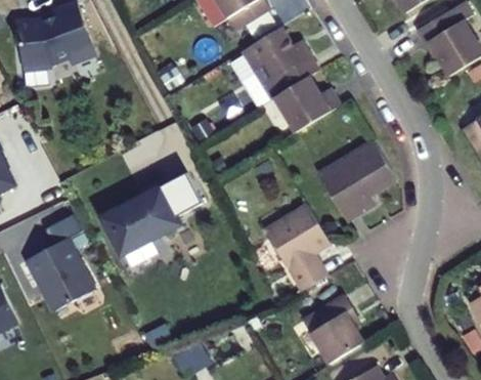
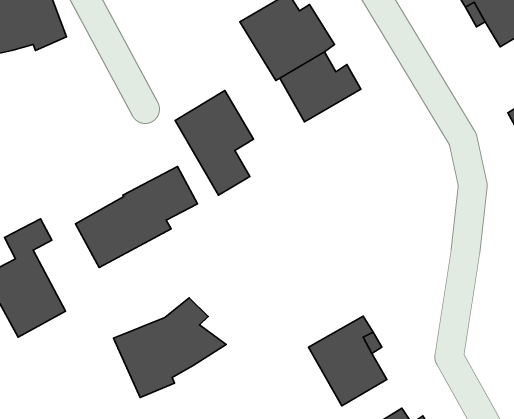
building: [314,138,394,220] -> none
building: [261,199,325,285] -> [175,91,254,195]
building: none -> [113,298,226,398]

